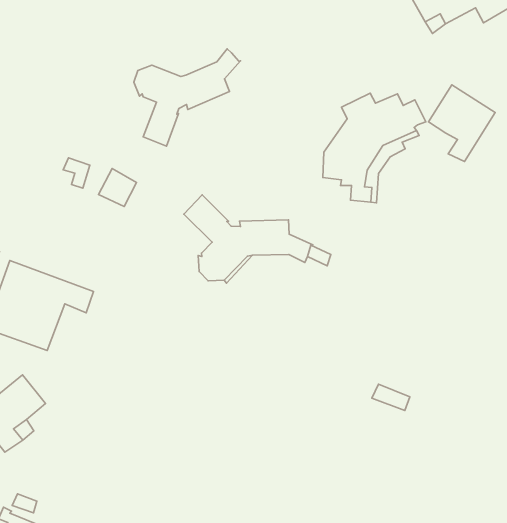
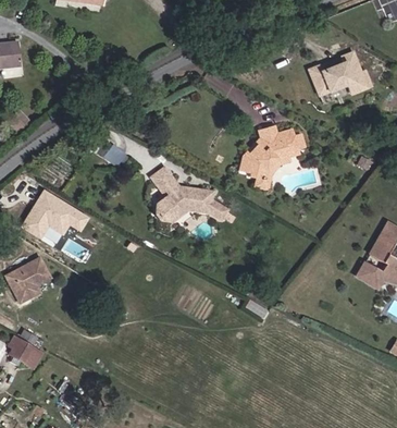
building: [134,49,241,146] -> none
building: [429,85,495,162] -> none

